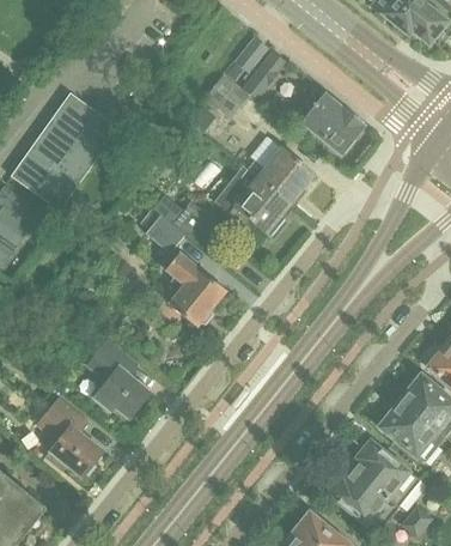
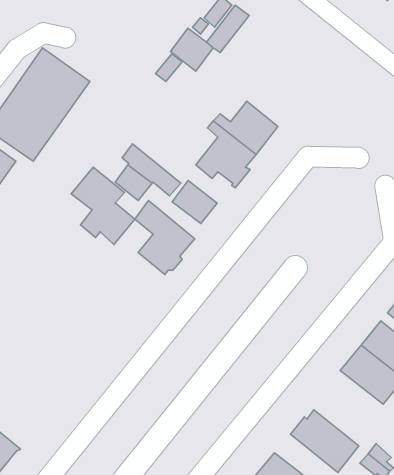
building: [293,89,362,153] -> none
building: none -> [172,180,217,223]
building: [84,335,150,415] -> [71,167,135,245]
building: [38,399,102,477] -> none
building: [351,438,419,504] -> none

